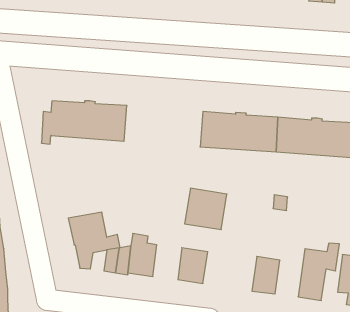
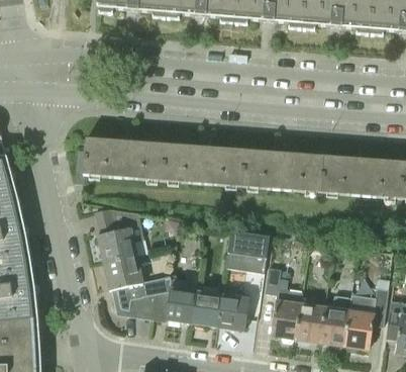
building: none -> [162,143,244,186]
building: none -> [95,207,143,261]
building: none -> [266,266,303,338]
building: none -> [192,289,222,326]
building: none -> [320,305,349,344]

